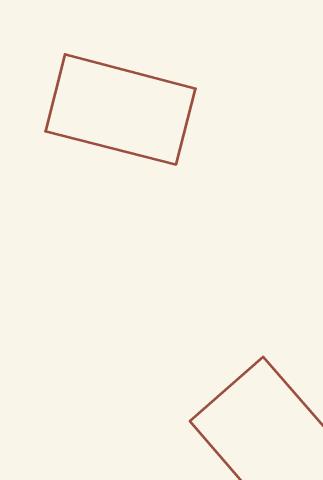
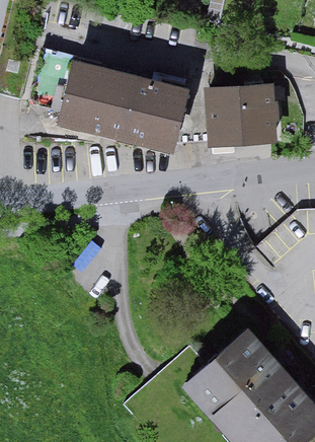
building: none -> [206,82,286,144]

